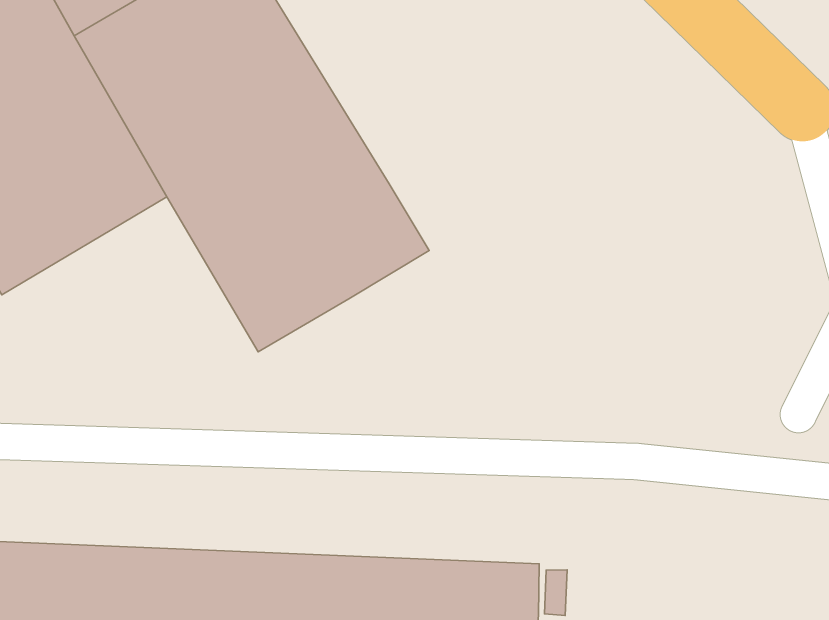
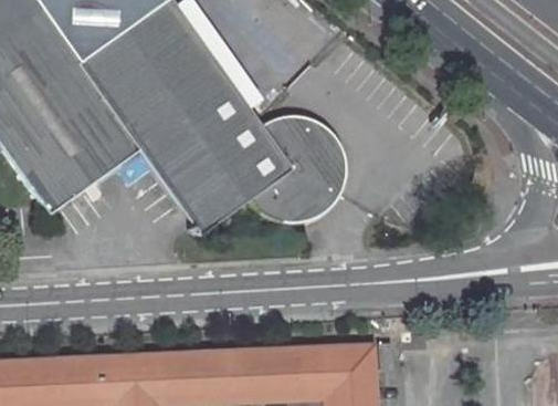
building: none -> [250,123,347,226]

